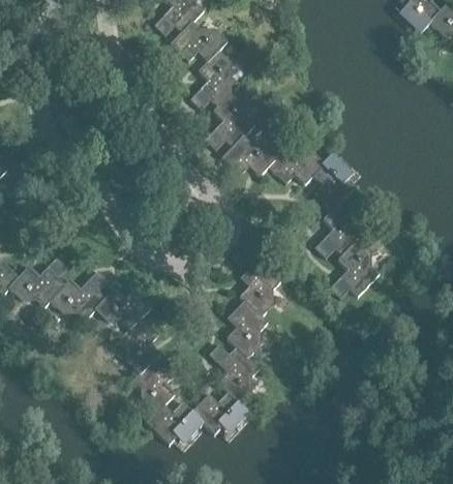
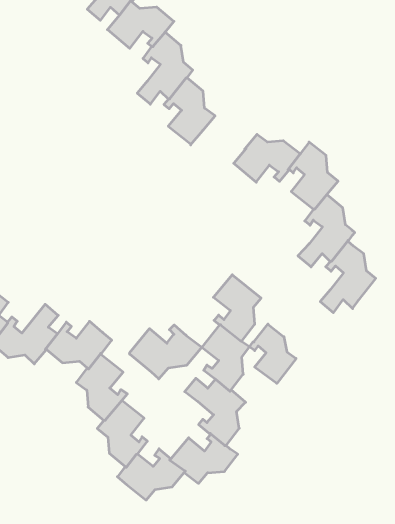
building: [219,135,278,185] -> none
building: none -> [130,325,202,379]
building: none -> [249,324,296,383]

